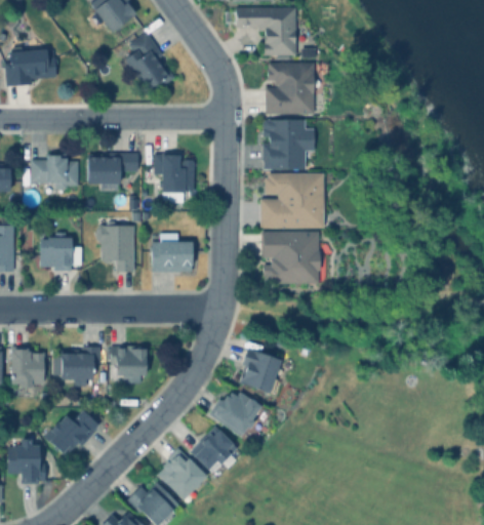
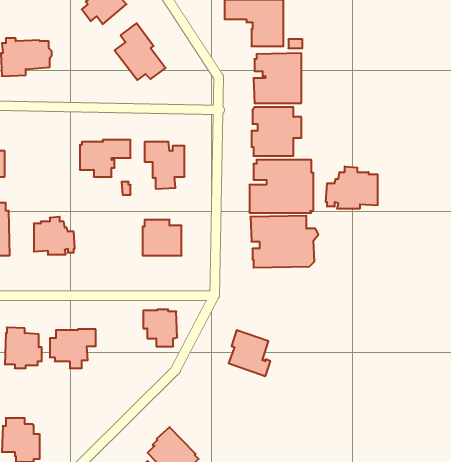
building: [31,154,79,195] -> none
building: none -> [326,166,377,209]
building: [96,221,134,272] -> none
building: [111,346,146,383] -> [143,309,177,346]
building: [208,391,260,436] -> none
building: [42,410,98,455] -> none
building: [189,427,237,473] -> none

